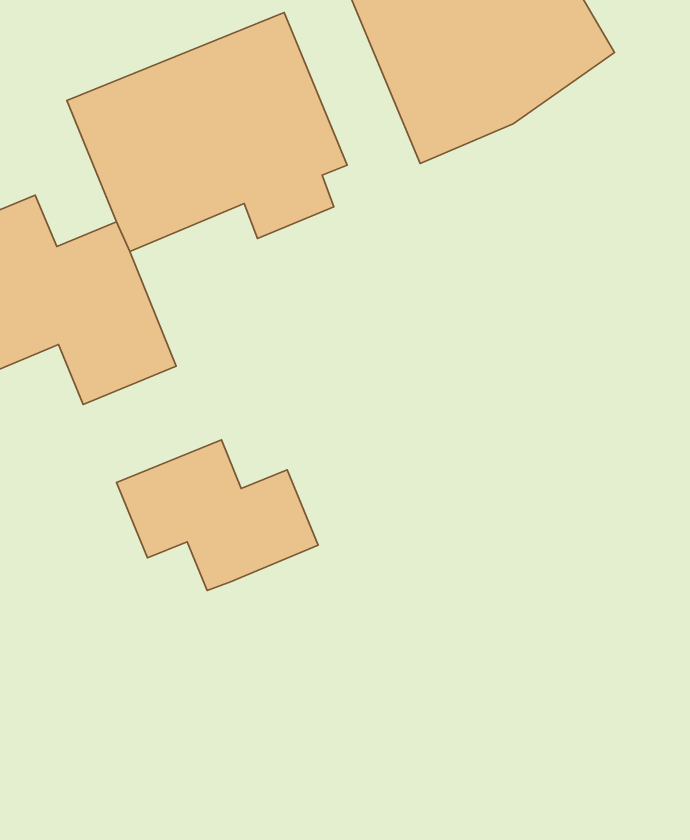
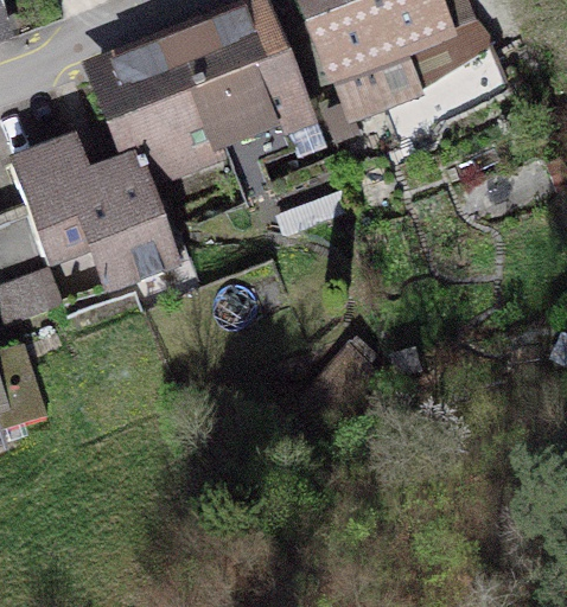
building: [117,440,318,591] -> none

